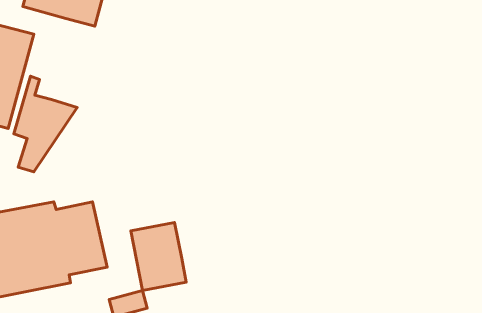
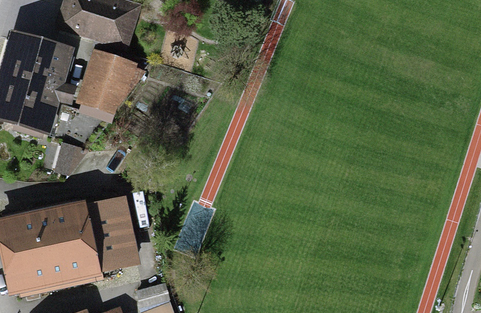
building: none -> [90,35,145,115]
building: [131,223,186,291] -> none

